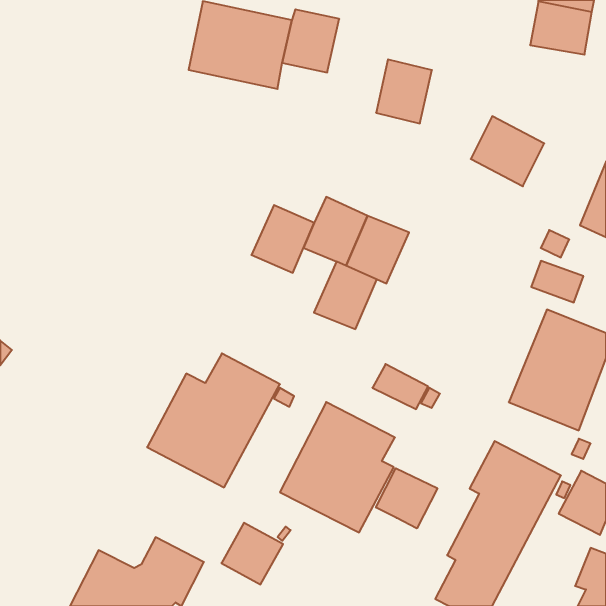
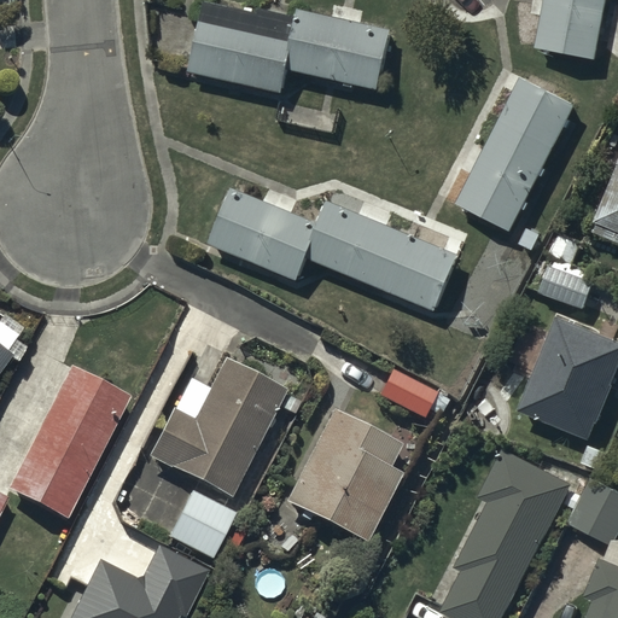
building: [376,59,432,123] -> [333,19,390,84]
building: none -> [501,77,576,146]
building: none -> [457,162,532,229]
building: none -> [214,191,279,260]
building: [314,262,377,329] -> [393,237,457,305]
building: none -> [7,367,129,519]
building: [376,468,437,528] -> none
building: [221,523,283,584] -> [169,494,232,556]

